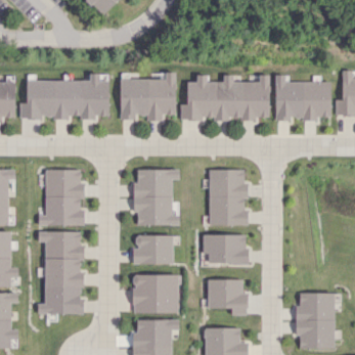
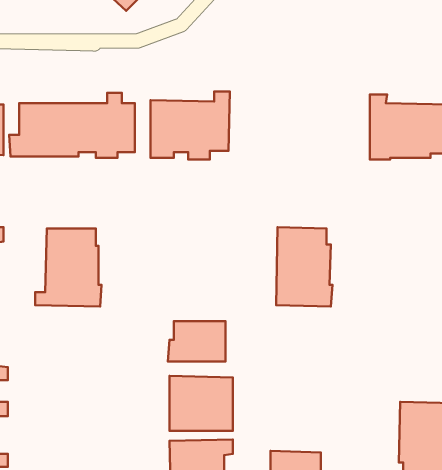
building: [180,75,269,121] -> none
building: [133,169,179,225] -> none
building: [38,231,84,314] -> none
building: [203,234,249,264] -> none
building: [208,279,248,315] -> none

